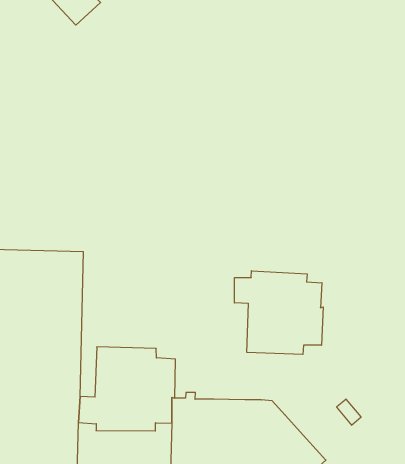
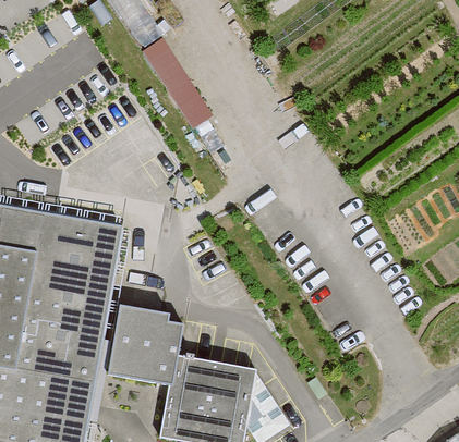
building: none -> [143,34,214,126]
building: [234,271,323,354] -> none

